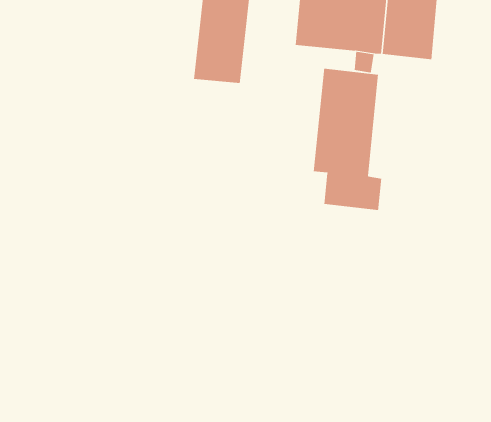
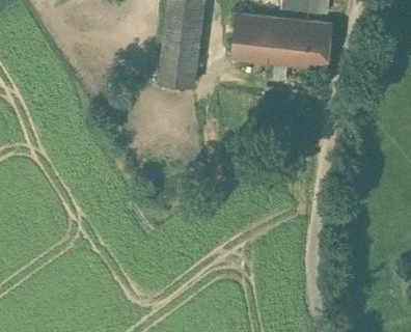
building: [313,68,382,211] -> none

